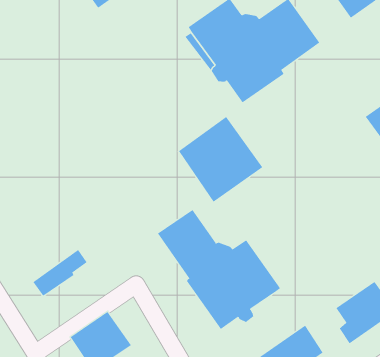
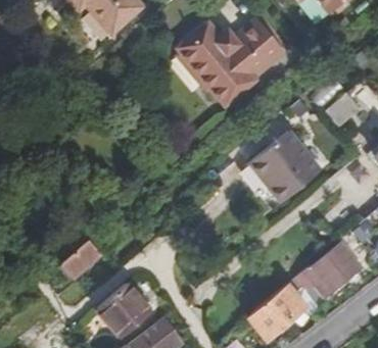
building: [178,116,263,202] -> [249,131,320,202]
building: [157,209,281,330] -> none

